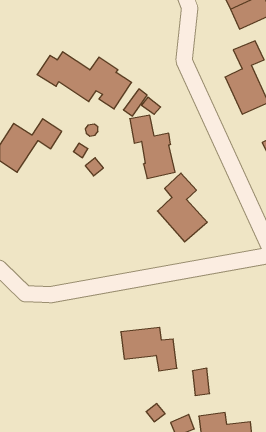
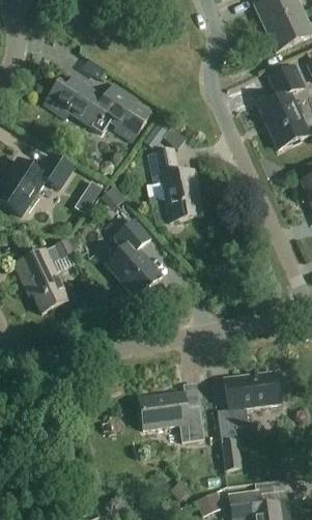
building: [157,173,207,242] -> [105,219,162,297]
building: none -> [12,235,81,312]
building: none -> [224,371,281,426]

